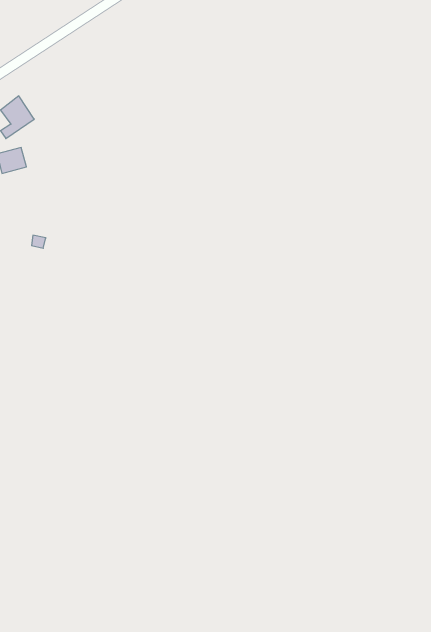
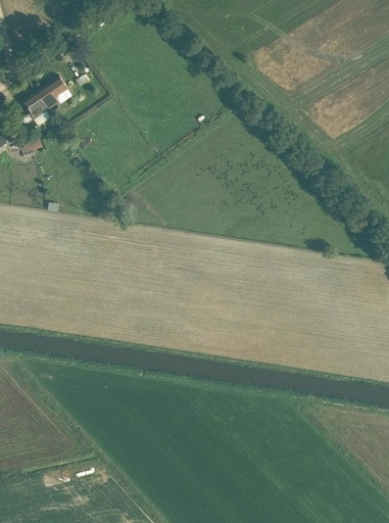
building: none -> [36,76,67,109]

